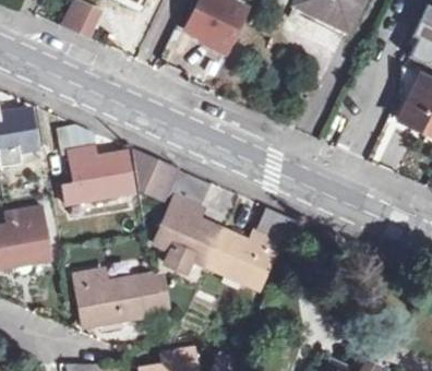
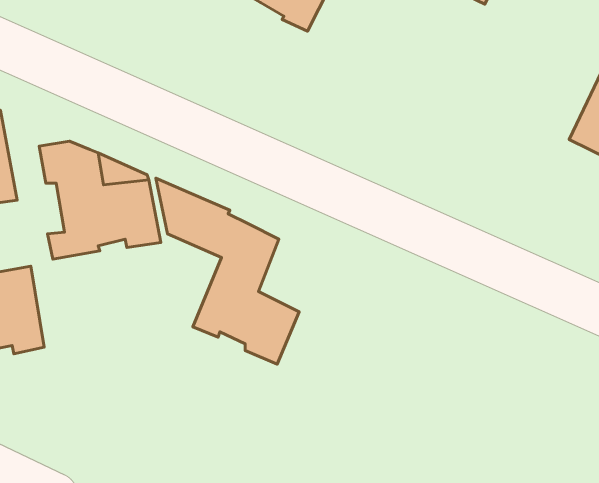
building: [206,207,288,289] -> none
building: [72,271,160,326] -> none

